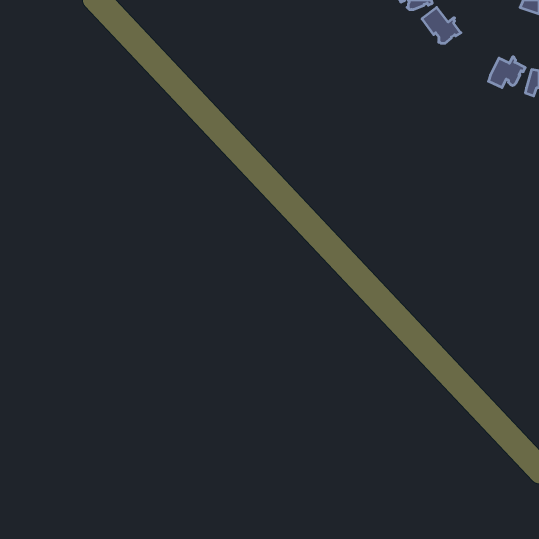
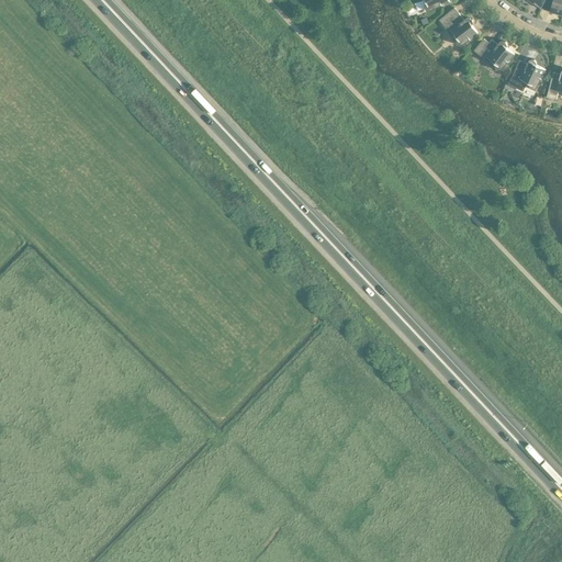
building: none -> [474,38,516,70]

